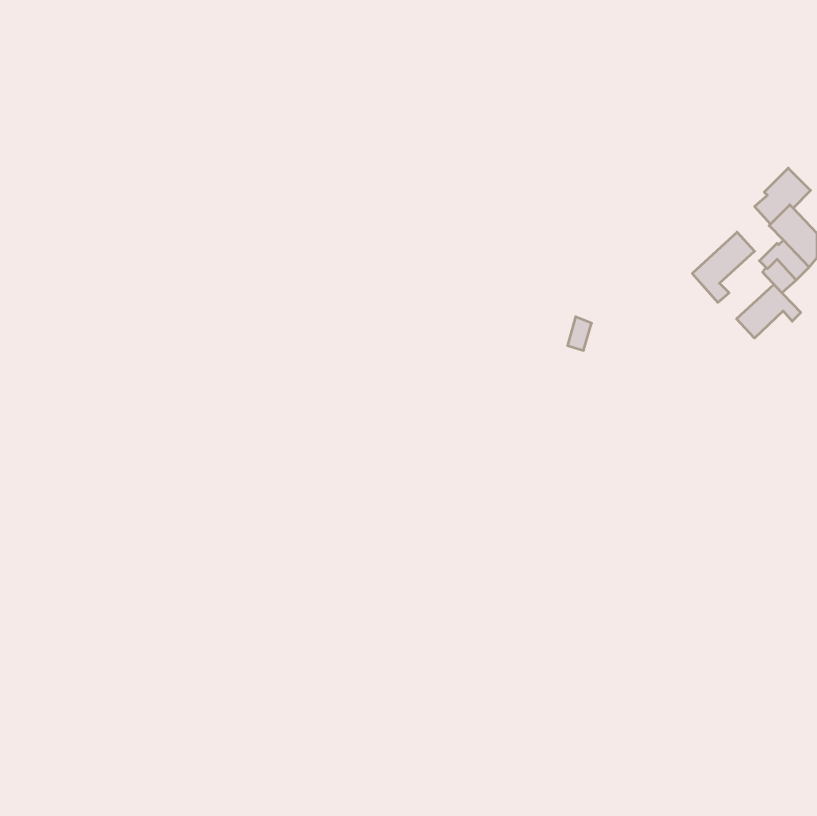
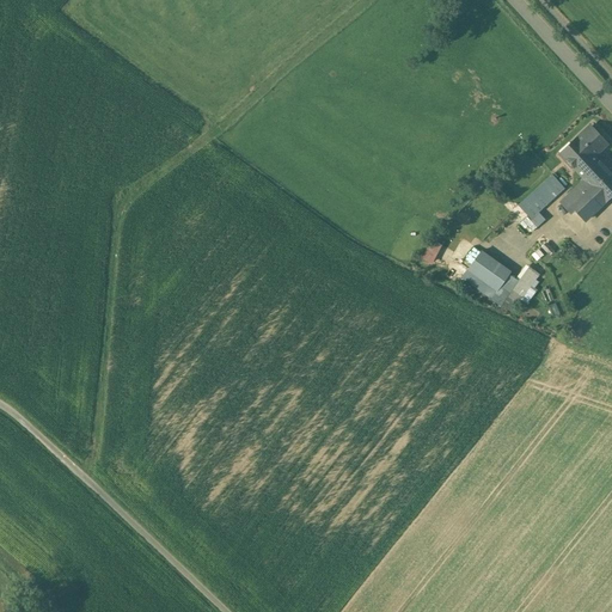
building: [737,284,801,338] -> none
building: none -> [467,250,509,289]

